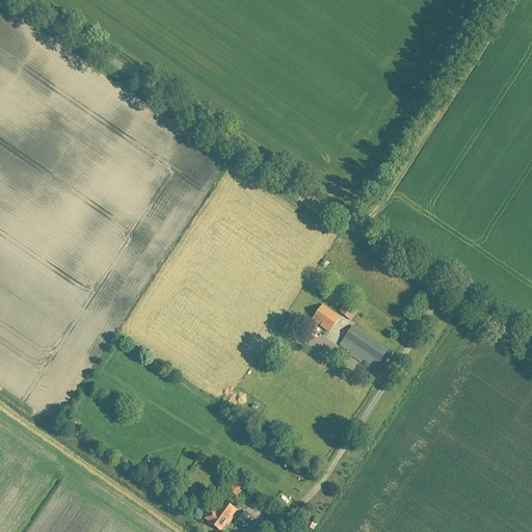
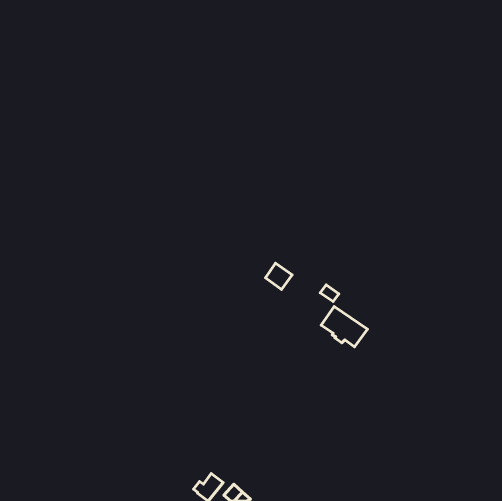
building: [313,303,341,331] -> [266,263,292,290]

